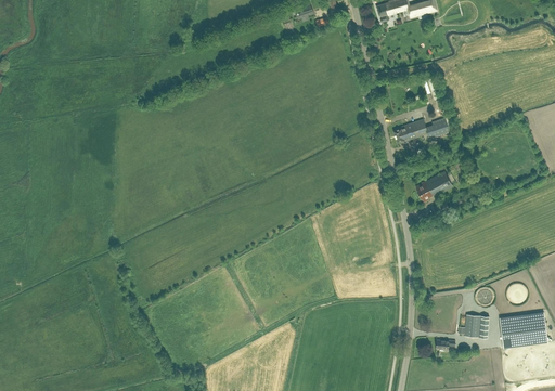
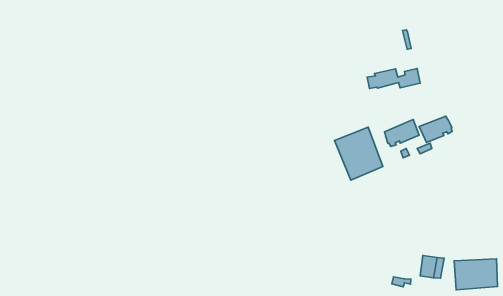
building: none -> [419,116,452,143]
building: none -> [334,127,383,180]

